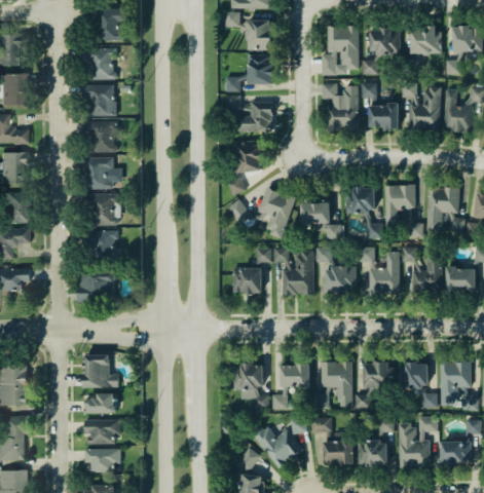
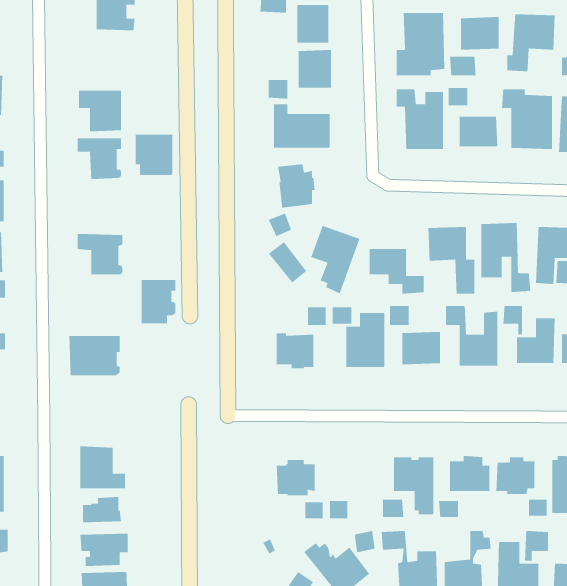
building: [86,48,116,80] -> none
building: [83,157,112,189] -> [135,134,173,176]
building: [90,230,117,264] -> [141,279,176,324]
building: [281,363,309,390] -> none

